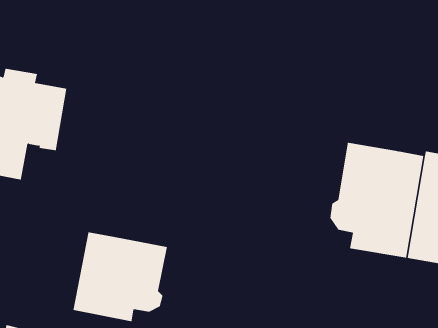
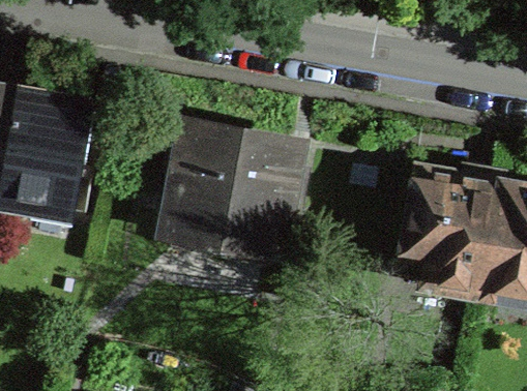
building: none -> [164,125,292,242]
building: [73,231,167,322] -> none

